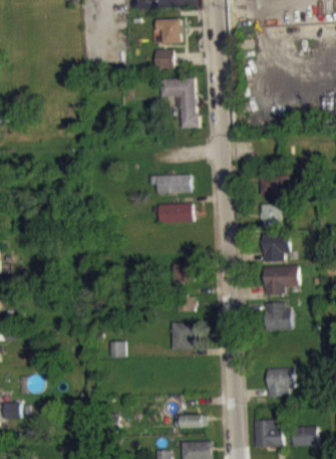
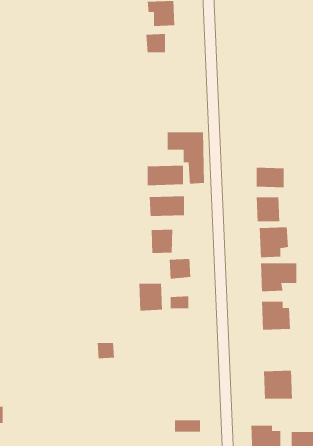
building: [160,78,197,129] -> [167,131,205,184]
building: none -> [151,229,173,254]
building: [171,322,194,350] -> [139,283,163,311]

